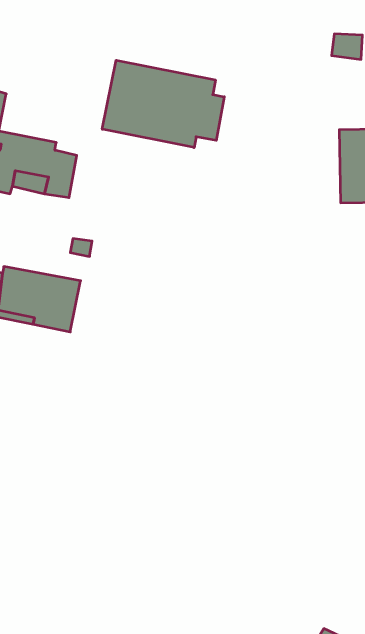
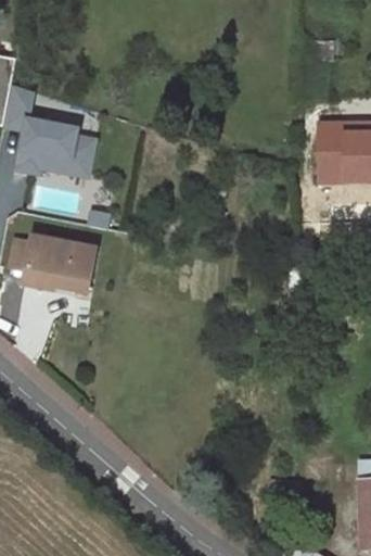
building: [102,60,224,148] -> none

